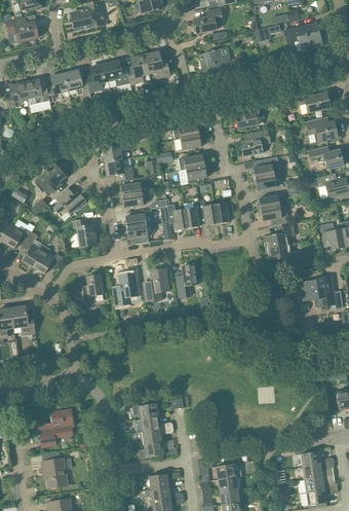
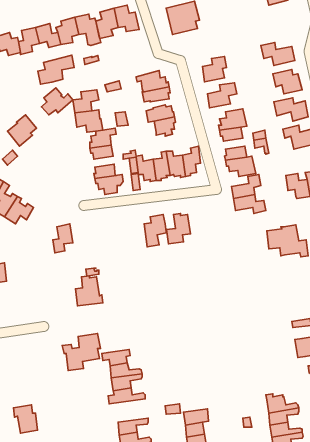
building: none -> [38,55,74,84]
building: [53,187,85,215] -> [42,88,73,115]
building: [73,218,96,246] -> none
building: [144,269,168,300] -> [166,214,191,244]
building: [113,273,141,304] -> [76,276,103,306]
building: [35,408,74,446] -> [62,333,100,371]

